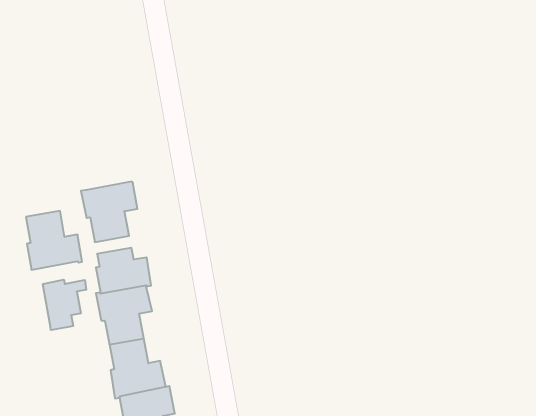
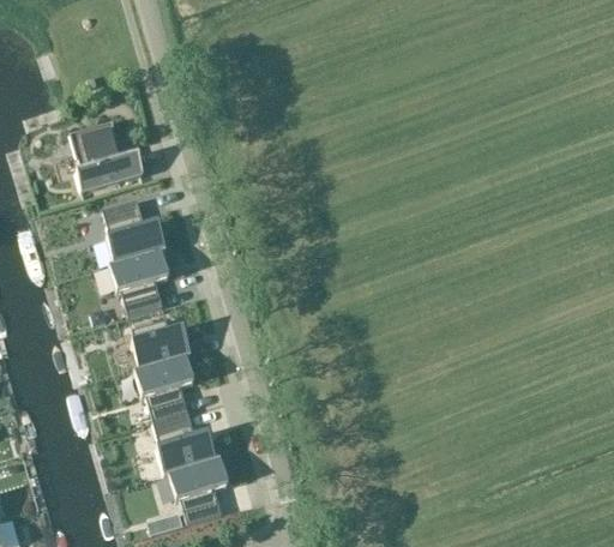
building: none -> [71,121,144,192]
building: [26,211,82,270] -> [103,200,165,264]
building: [43,280,86,330] -> none

